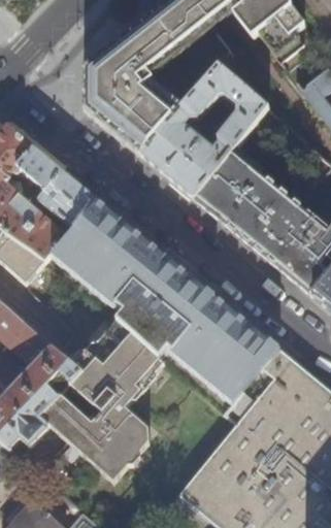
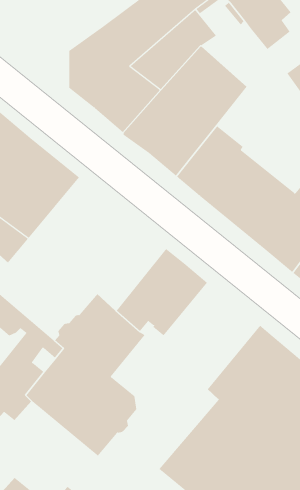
building: [45,198,184,332] -> none
building: [181,304,278,411] -> none

